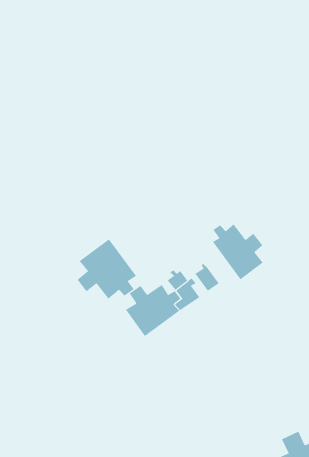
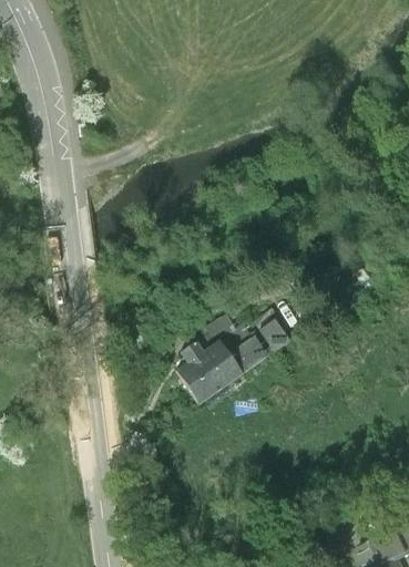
building: [212,224,264,280] -> none
building: [77,238,137,299] -> none

